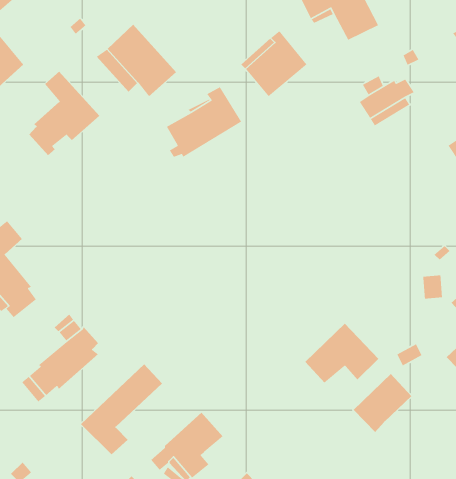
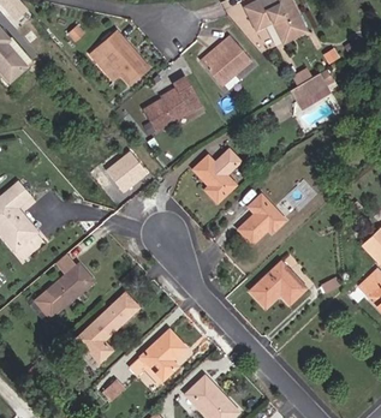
building: [28,71,100,156] -> none
building: none -> [192,149,238,203]
building: none -> [108,156,145,192]
building: none -> [237,195,285,245]
building: [353,373,412,433] -> none

